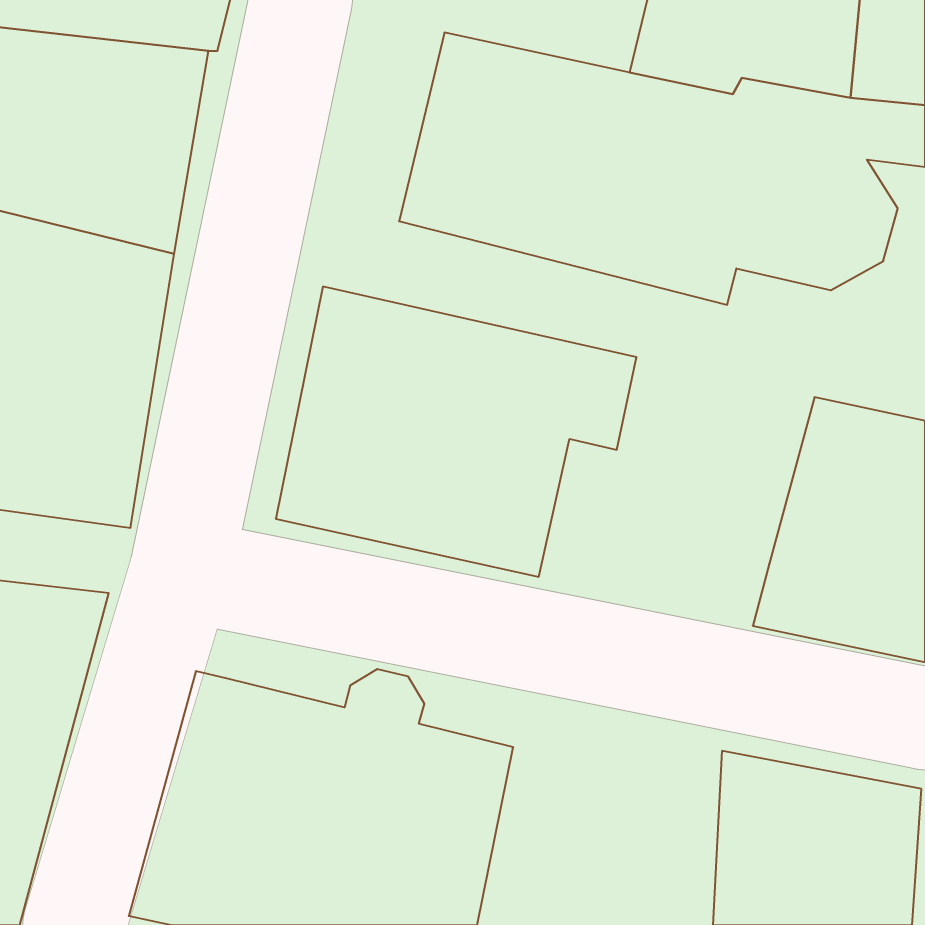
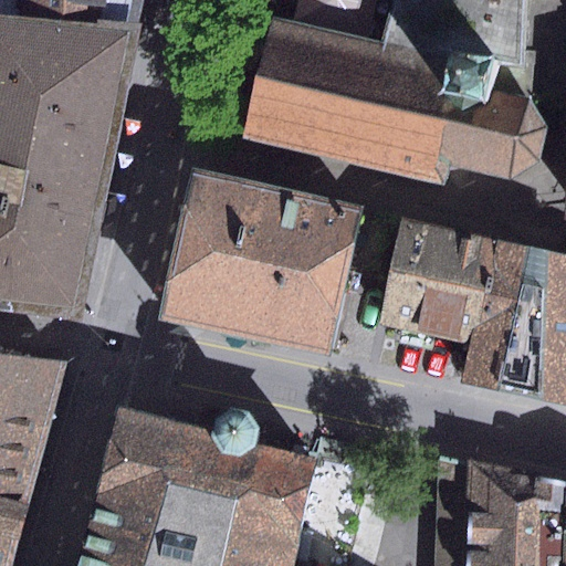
building: none -> [377,219,496,344]

